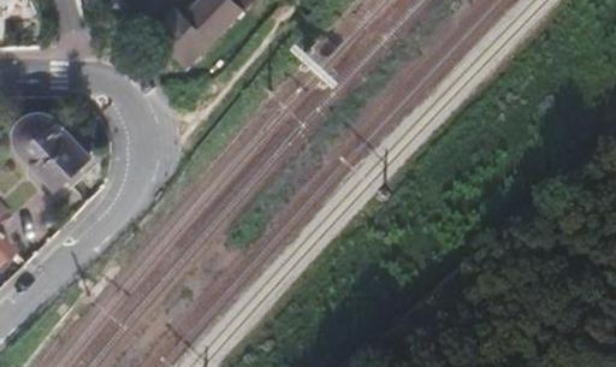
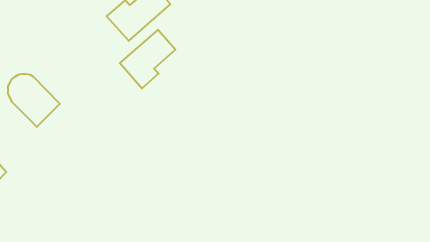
building: none -> [120,30,175,89]

